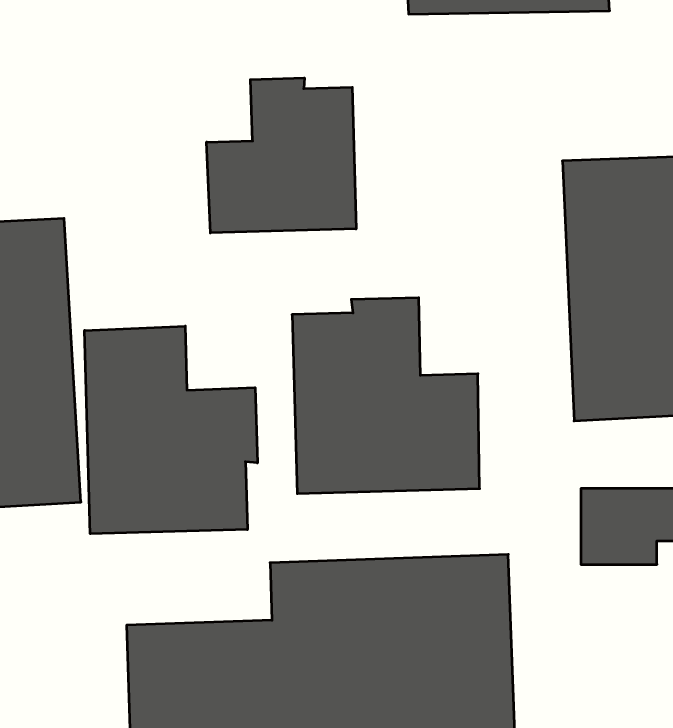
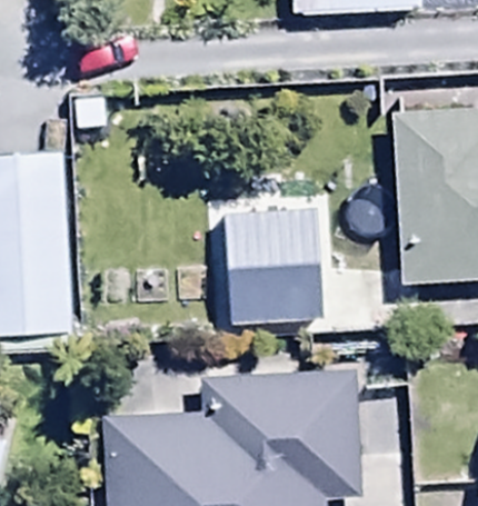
building: [207,78,356,233] -> none
building: [85,326,257,534] -> none

